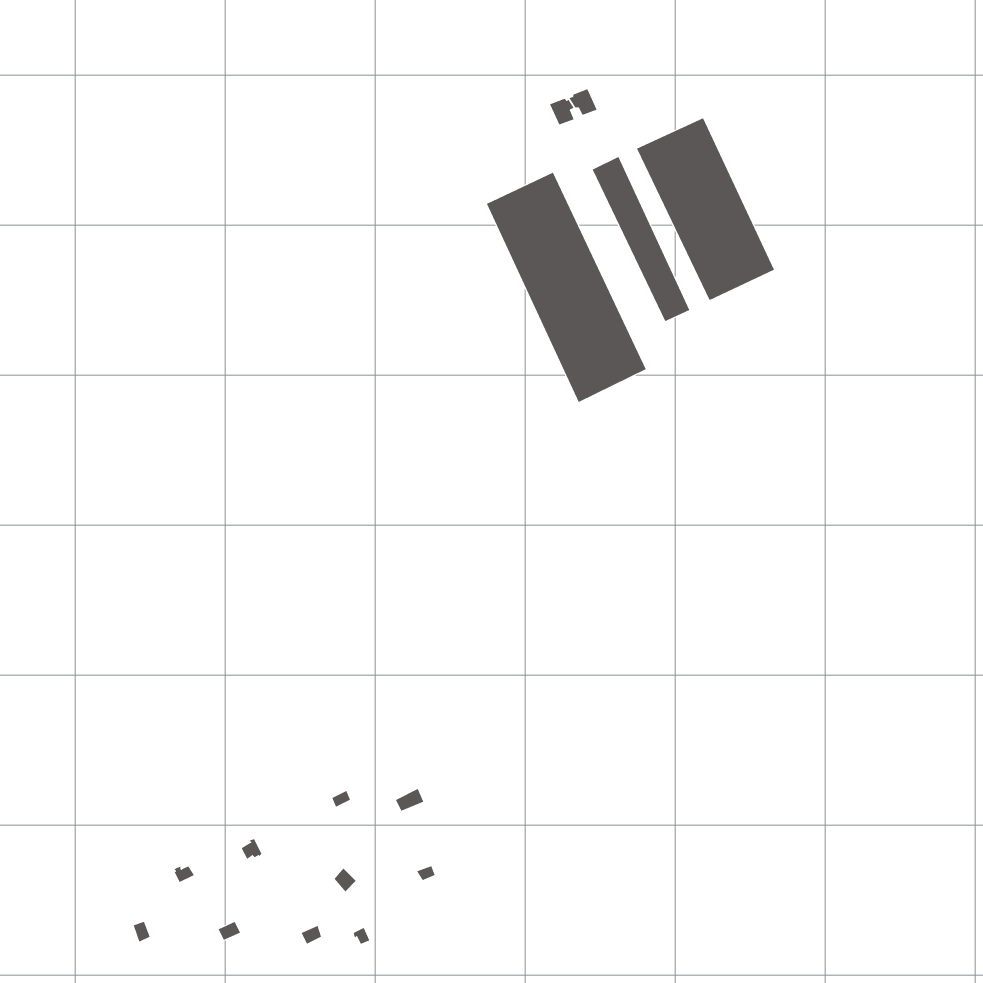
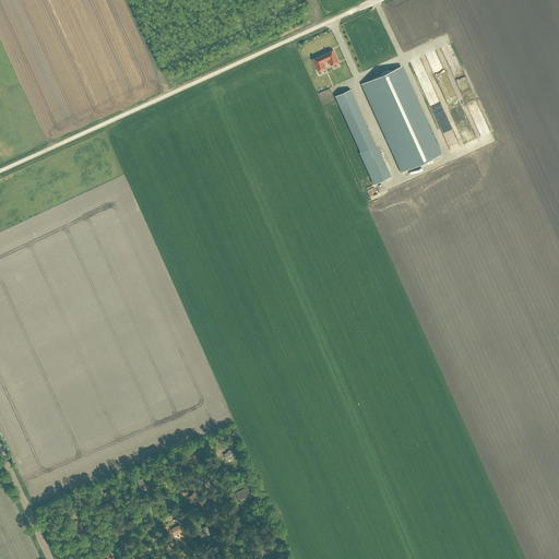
building: [486,172,647,403] -> none

